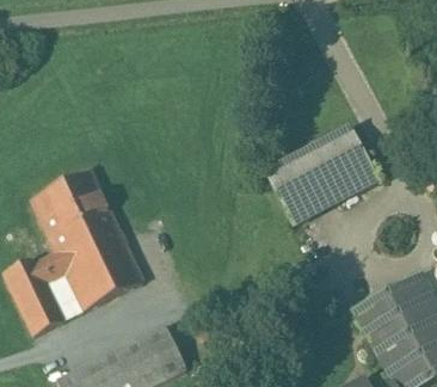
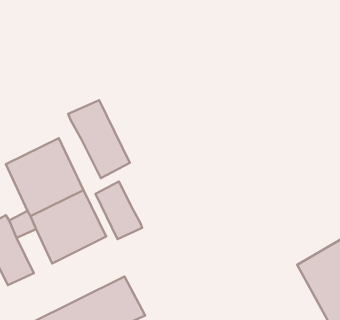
building: [266,125,381,222] -> none
building: none -> [68,100,130,178]
building: none -> [95,181,142,239]

